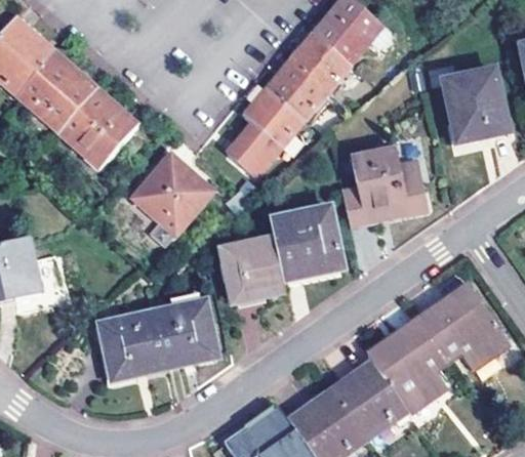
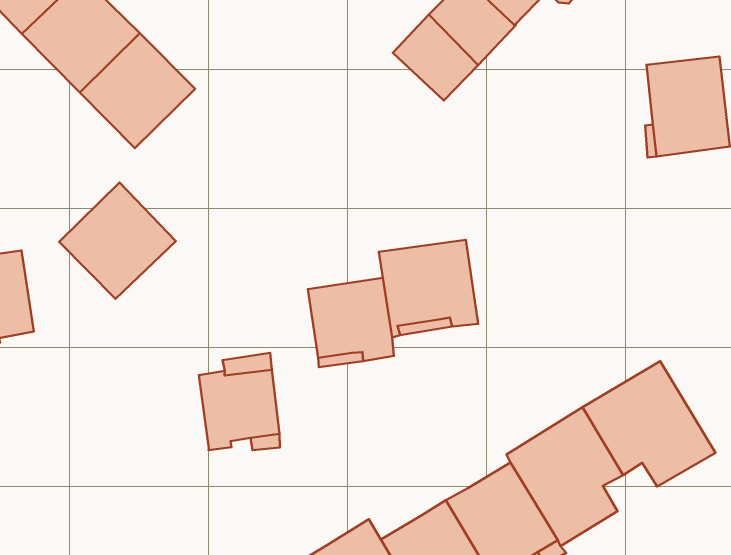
building: [229,88,306,176] -> none
building: [340,151,426,224] -> none
building: [134,153,213,232] -> [59,183,176,299]
building: [103,315,163,375] -> none

